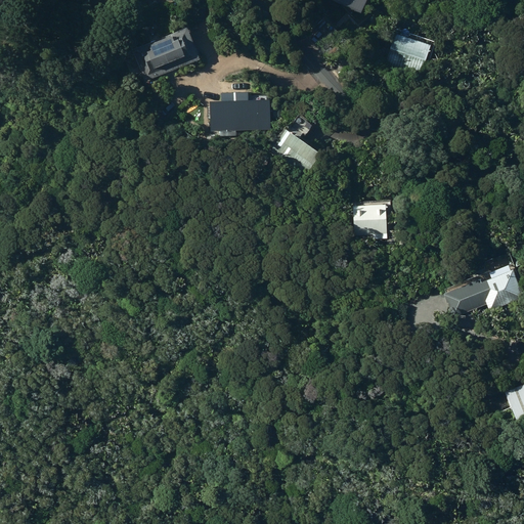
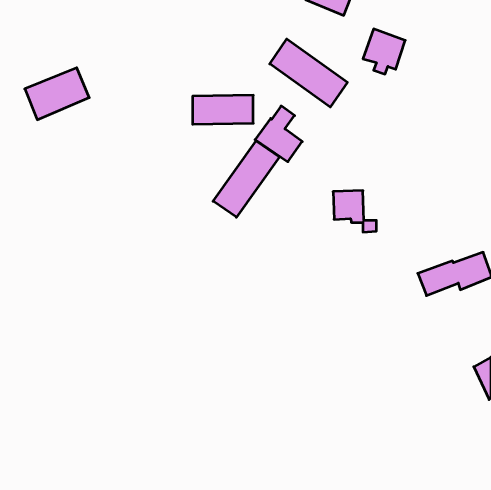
building: [132,25,201,80] -> [25,68,89,120]
building: none -> [270,39,347,107]
building: none -> [213,141,280,217]

